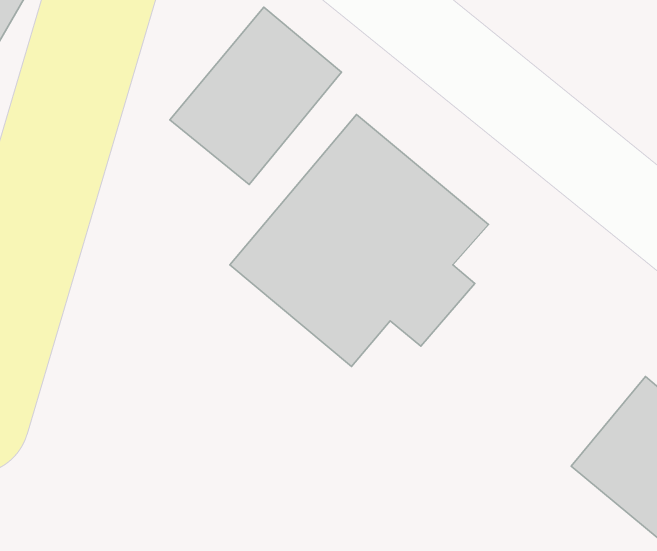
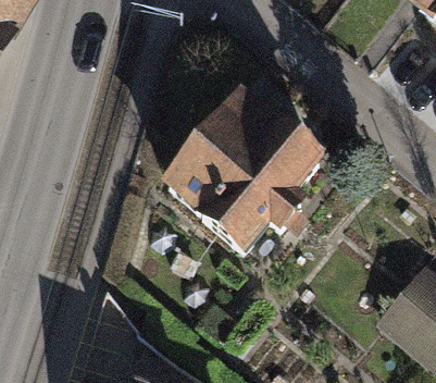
building: [170,7,341,184] -> none

